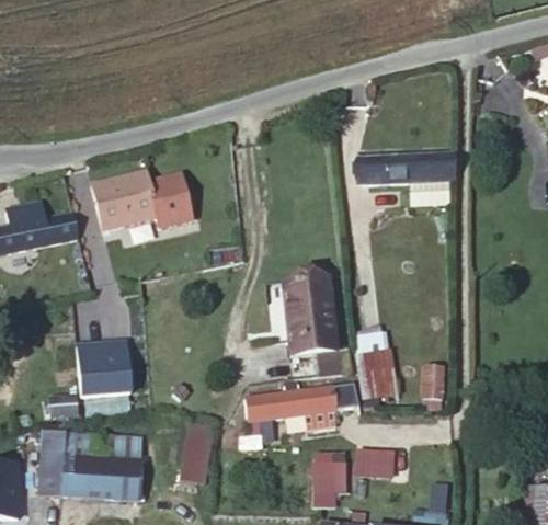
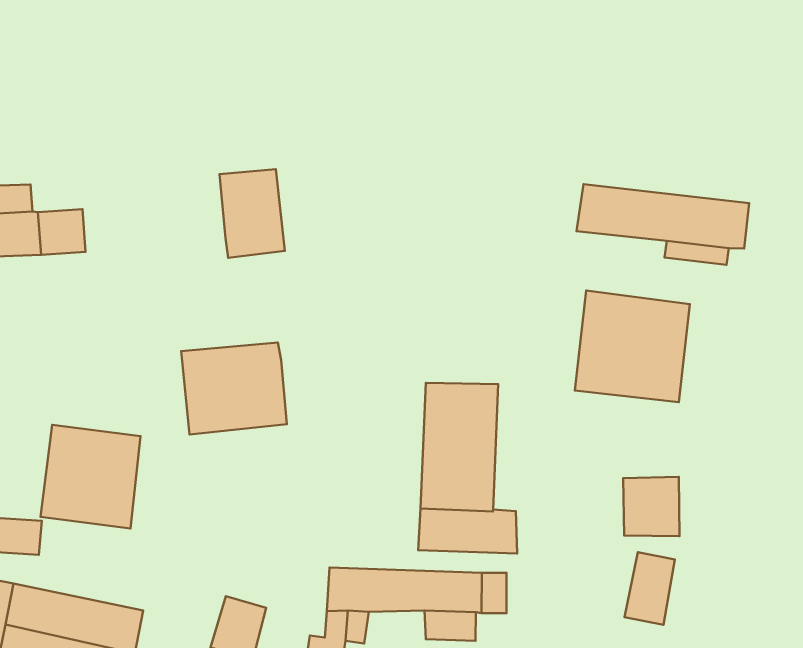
building: [92,172,159,232] -> [181,343,287,435]
building: none -> [575,290,690,402]
building: [357,355,395,393] -> [623,477,680,536]

